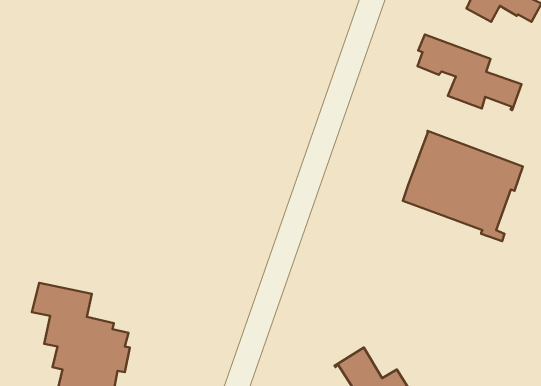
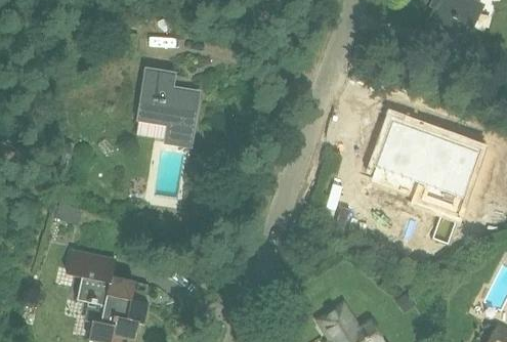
building: [417,34,522,110] -> none
building: none -> [137,69,197,144]

